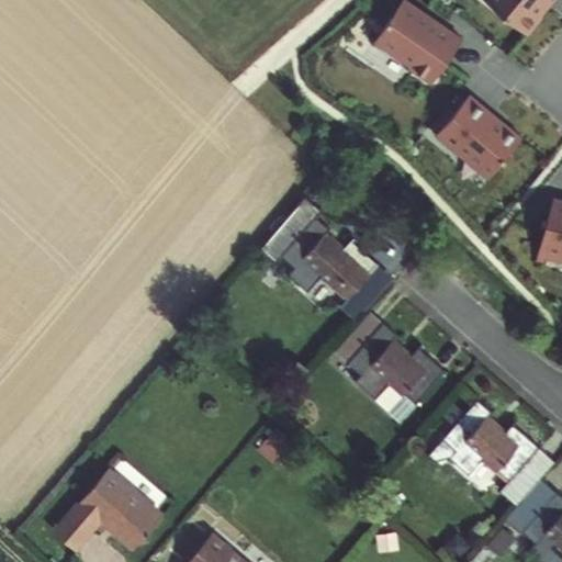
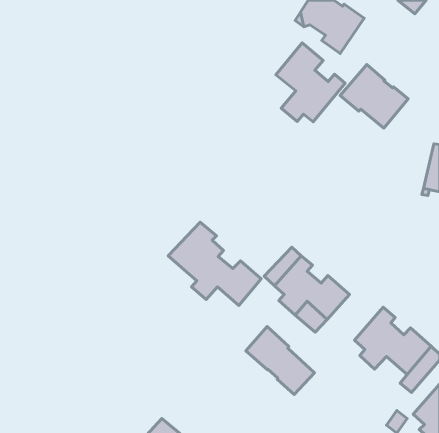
building: none -> [276,43,345,122]
building: [261,201,380,307] -> [168,222,261,306]
building: none -> [246,326,314,395]
building: [48,475,156,557] -> none

